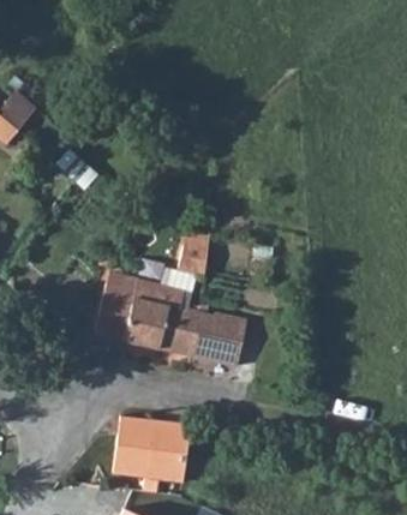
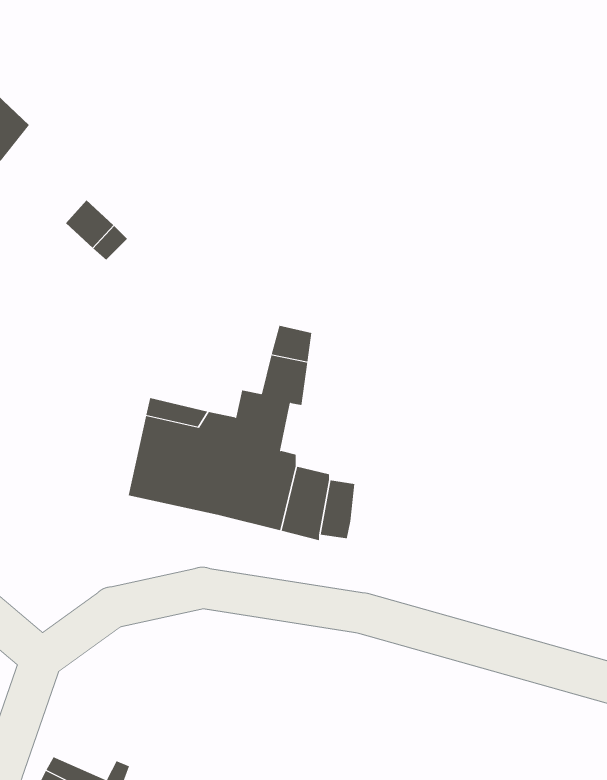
building: [113,417,190,483] -> none

